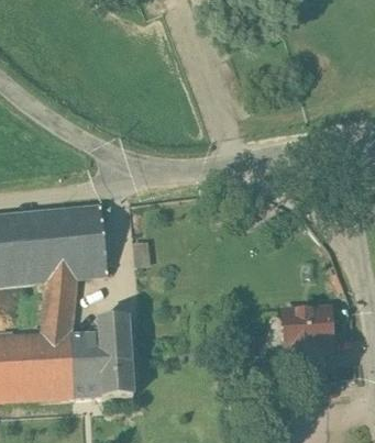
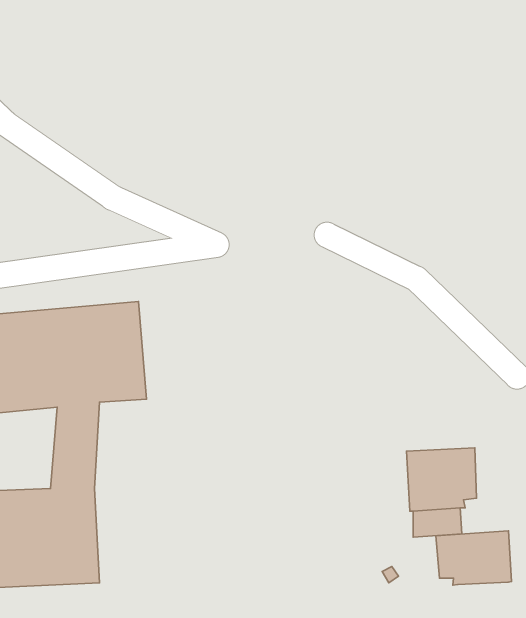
building: [73,315,133,398] -> none
building: none -> [436,531,511,585]

